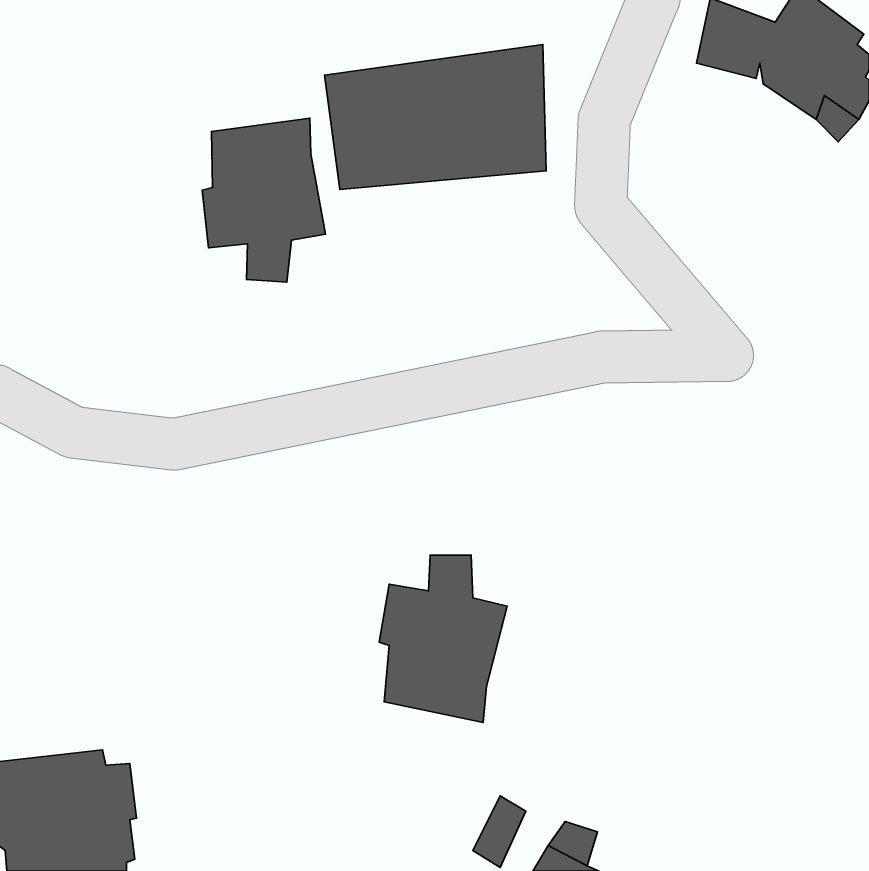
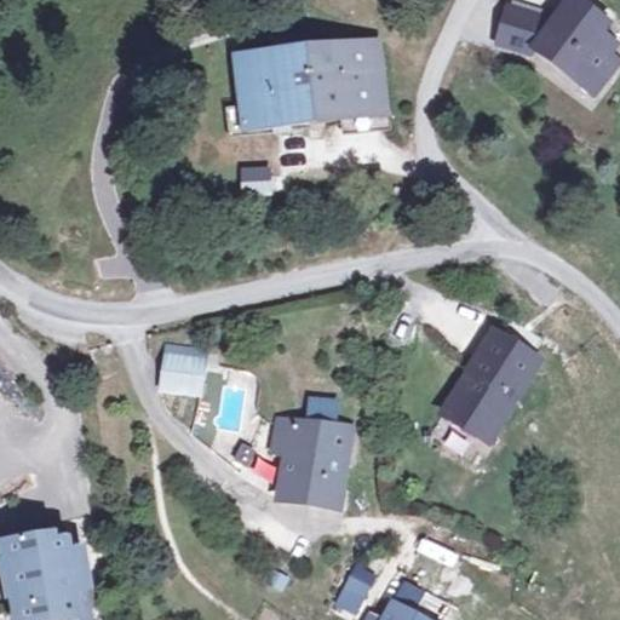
building: [202,118,325,282] -> none
building: none -> [437,321,549,446]
building: none -> [160,350,209,389]

